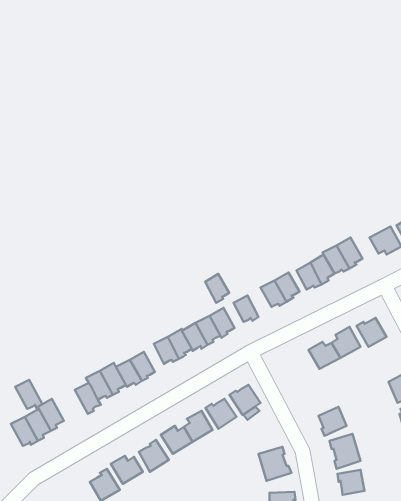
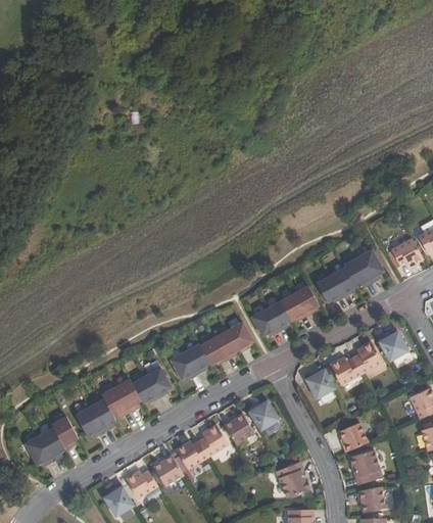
building: [205,274,229,303] -> [266,300,290,330]
building: none -> [304,367,334,398]
building: [15,380,42,409] -> [75,405,102,434]

